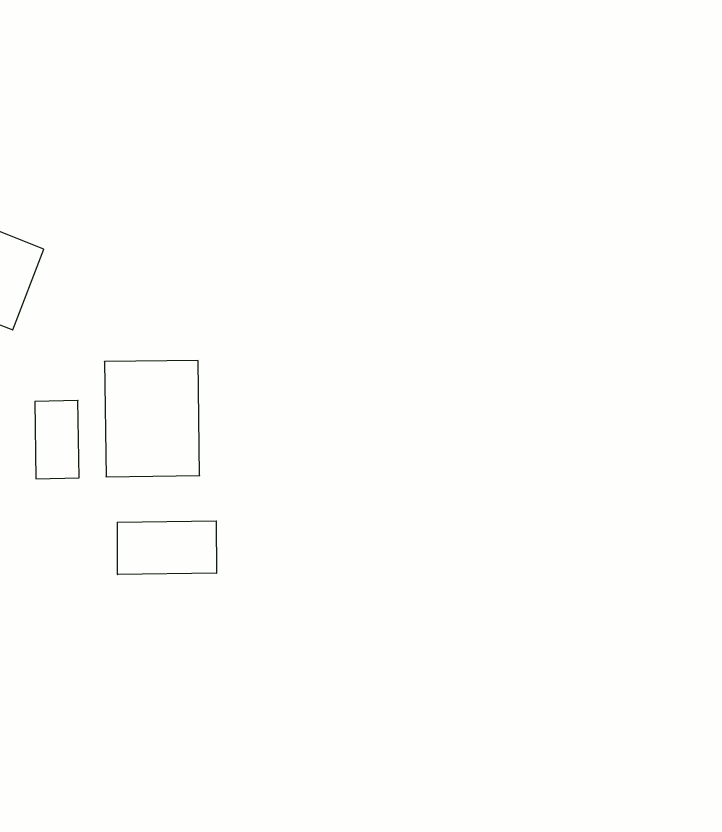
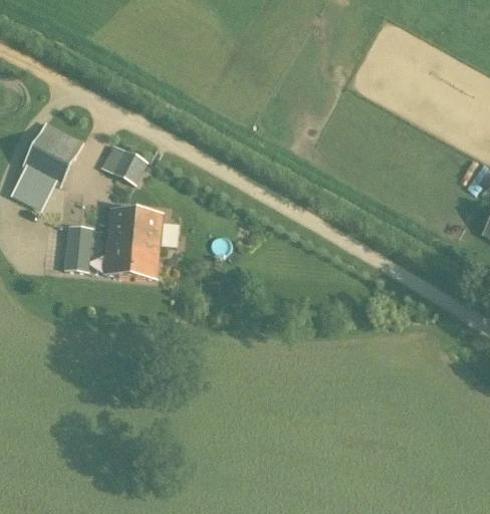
building: none -> [100,144,147,185]
building: [117,521,216,575] -> none

